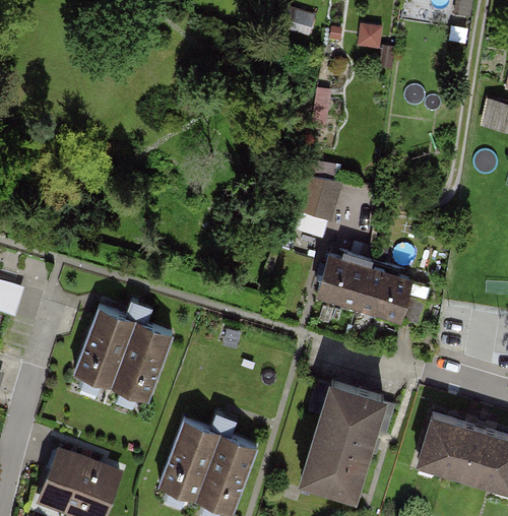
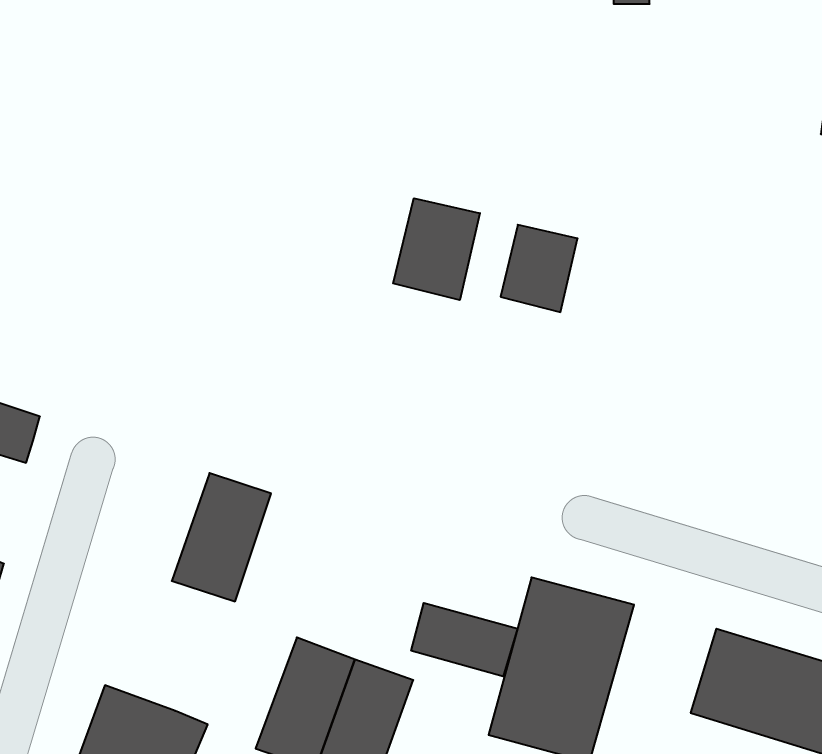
building: none -> [393,198,480,300]
building: [324,258,424,322] -> none
building: [72,313,130,389] -> none
building: none -> [411,603,518,676]

